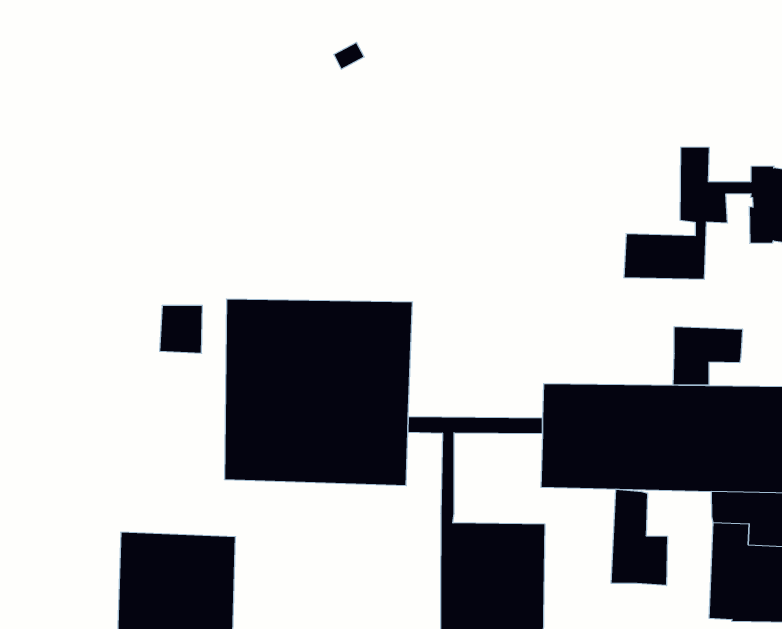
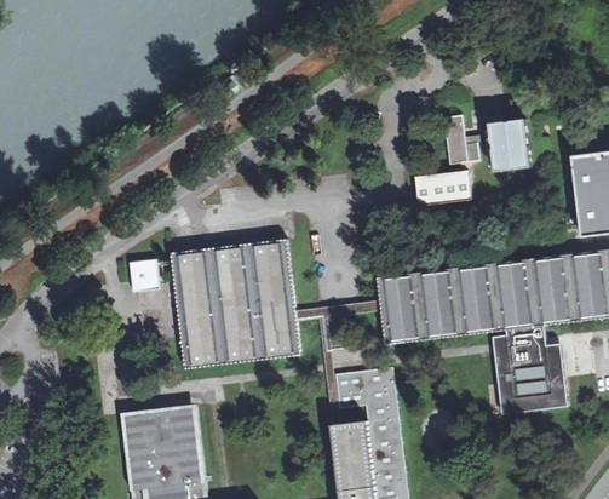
building: [673,327,742,385] -> none
building: [611,489,668,586] -> none

